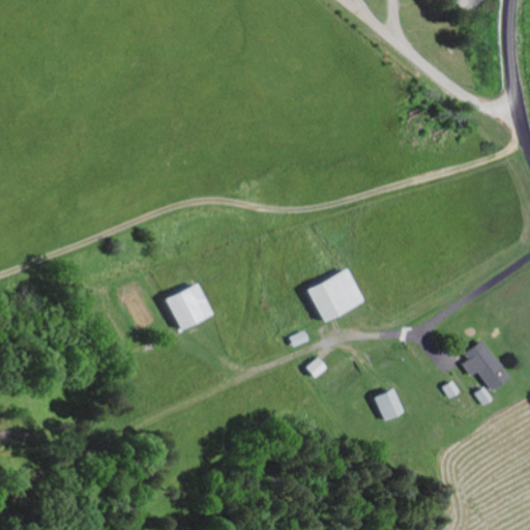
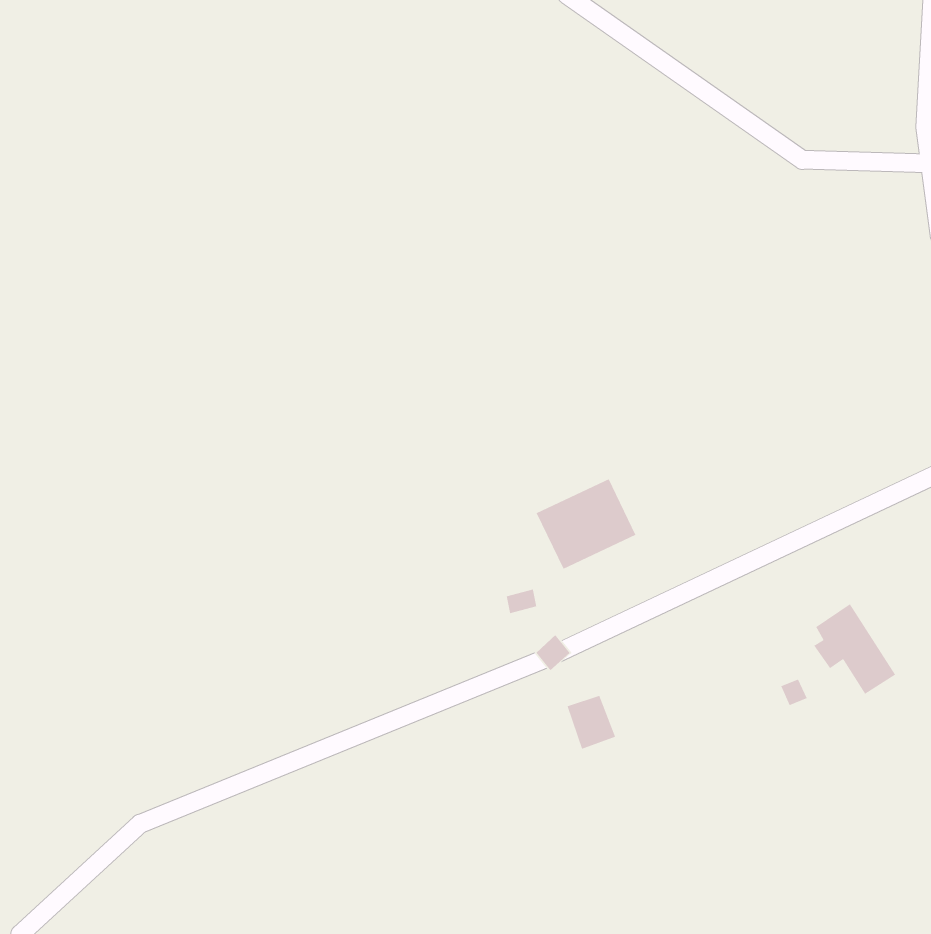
building: [165,284,211,329] -> none
building: [377,389,405,420] -> [567,695,616,750]

